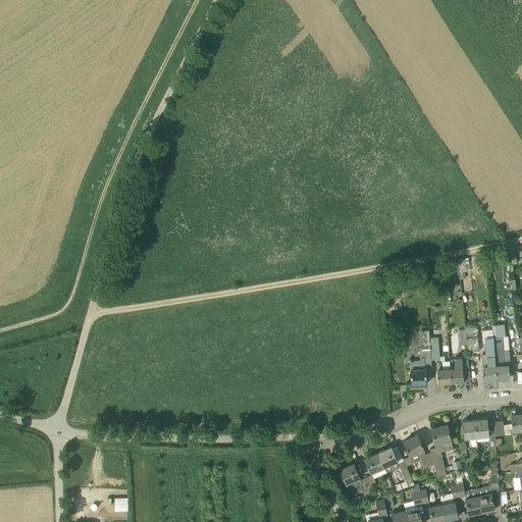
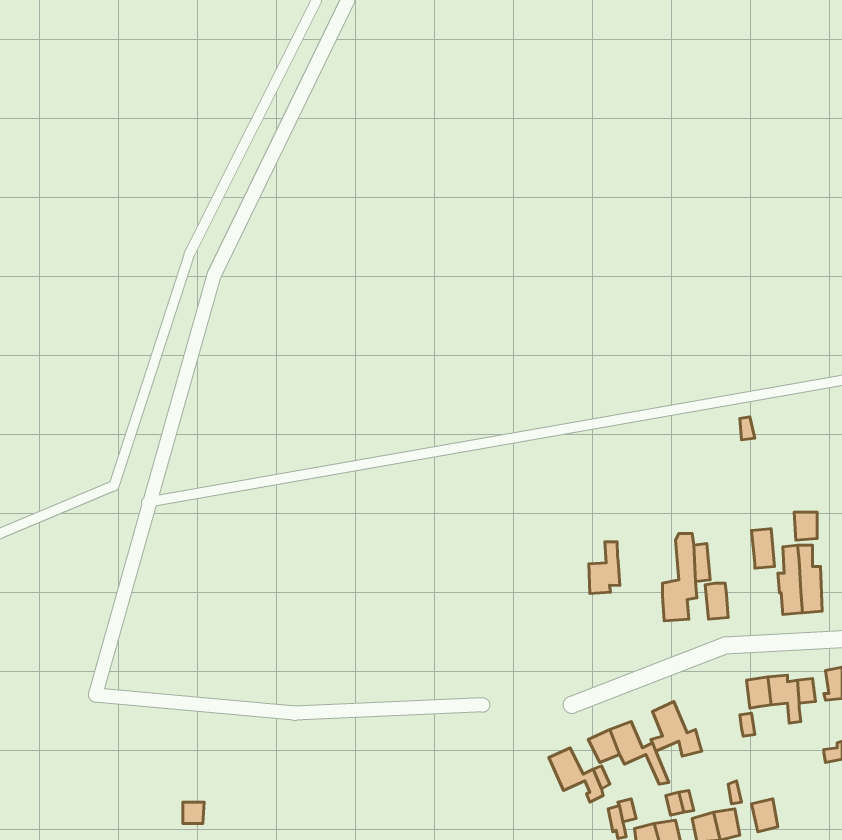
building: none -> [589,542,620,594]
building: [450,357,469,383] -> none
building: [430,425,454,477] -> none
building: [478,467,499,513] -> none

